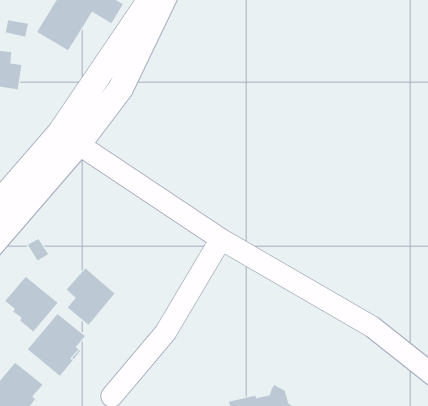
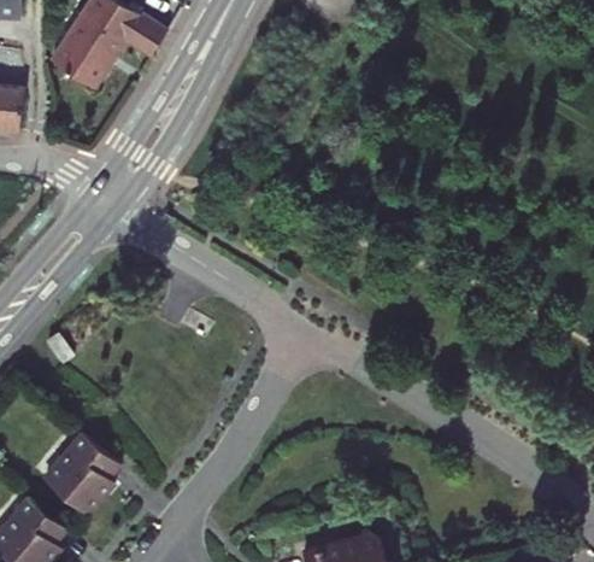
building: [66,267,115,326] -> none
building: [4,276,58,333] -> none

